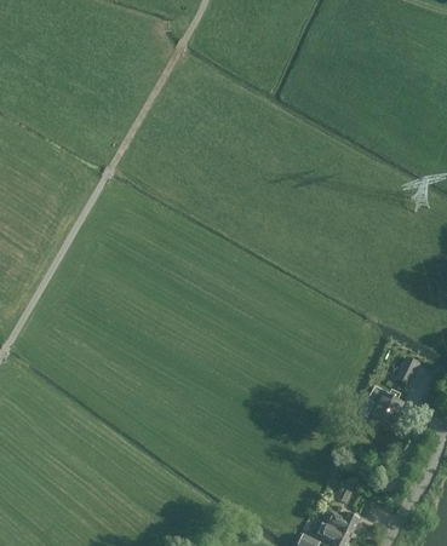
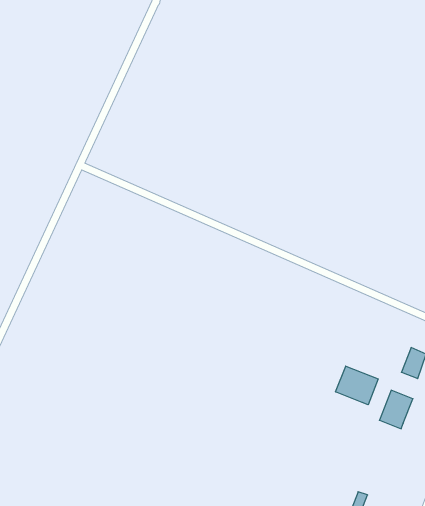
building: none -> [336,366,378,405]

